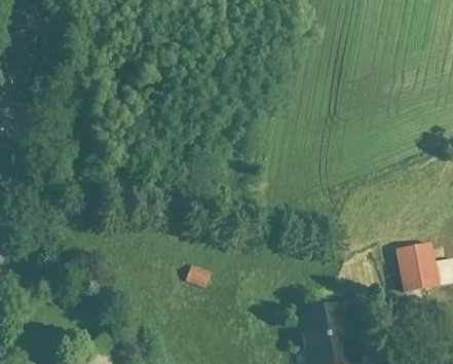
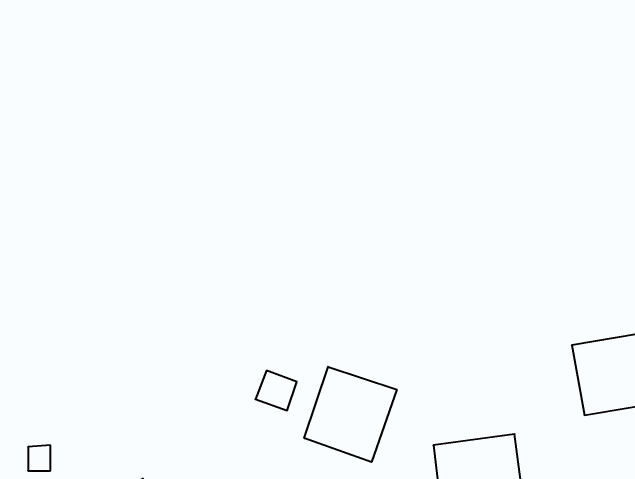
building: none -> [304,367,397,462]

